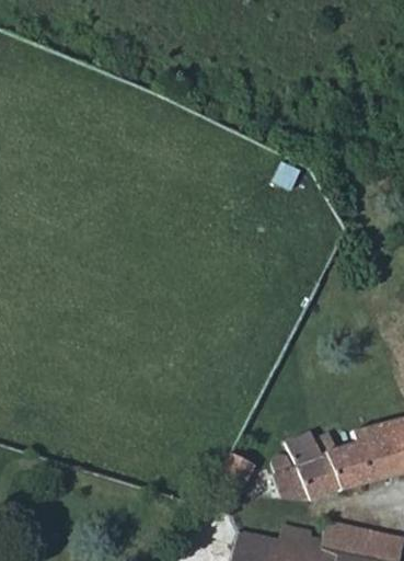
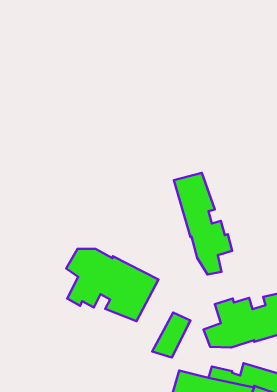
building: none -> [174,173,232,274]
building: none -> [66,249,158,321]

